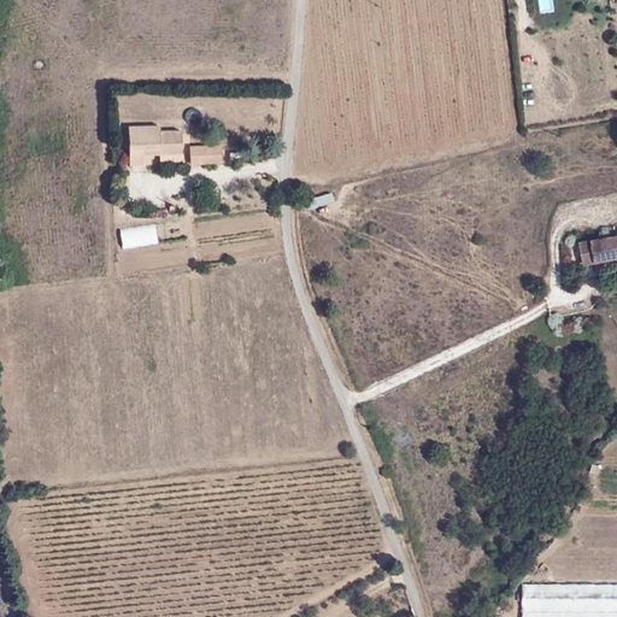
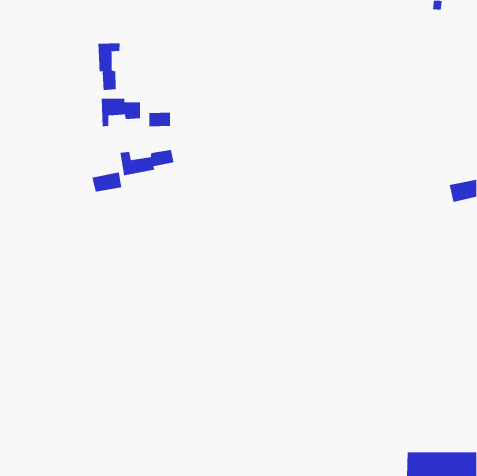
building: none -> [98,42,120,91]
building: none -> [120,149,174,176]

